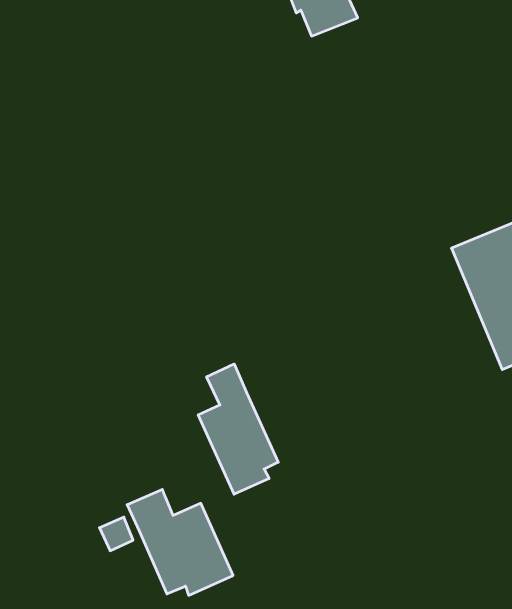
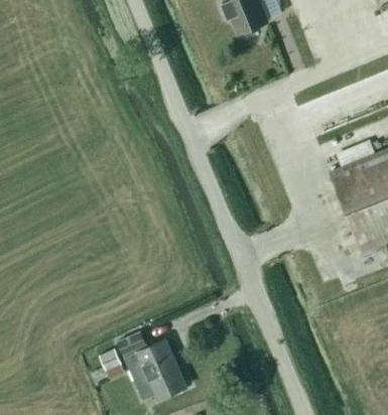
building: [198,364,278,494] -> none

